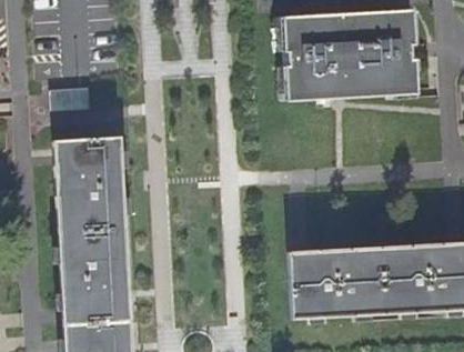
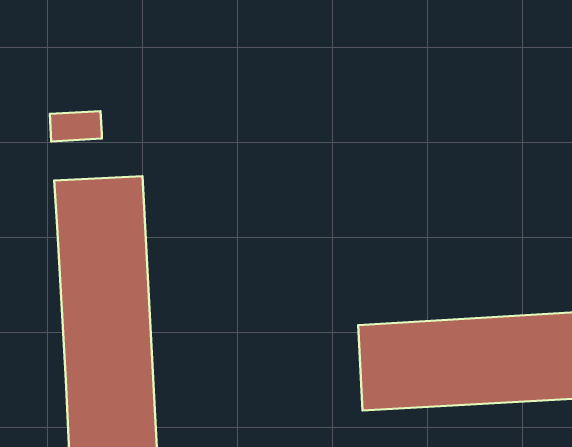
building: [279,8,415,101] -> none

